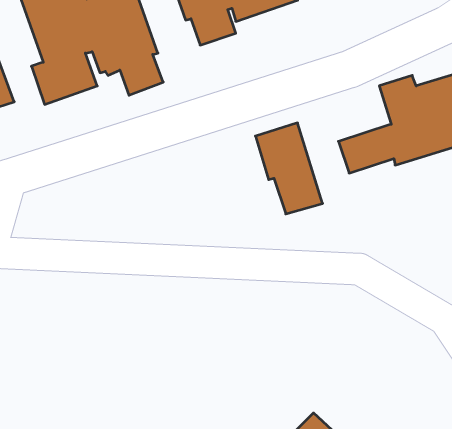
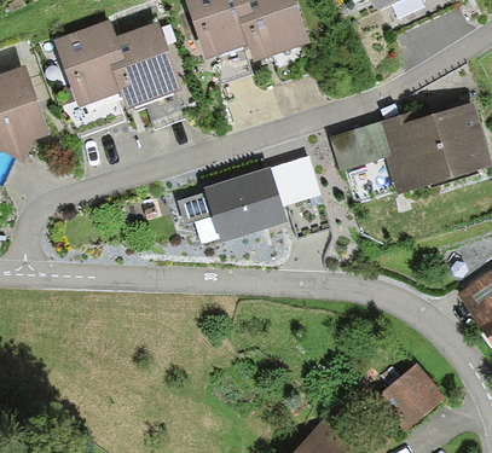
building: none -> [328,120,394,173]
building: none -> [179,165,286,242]
building: none -> [377,365,442,429]

